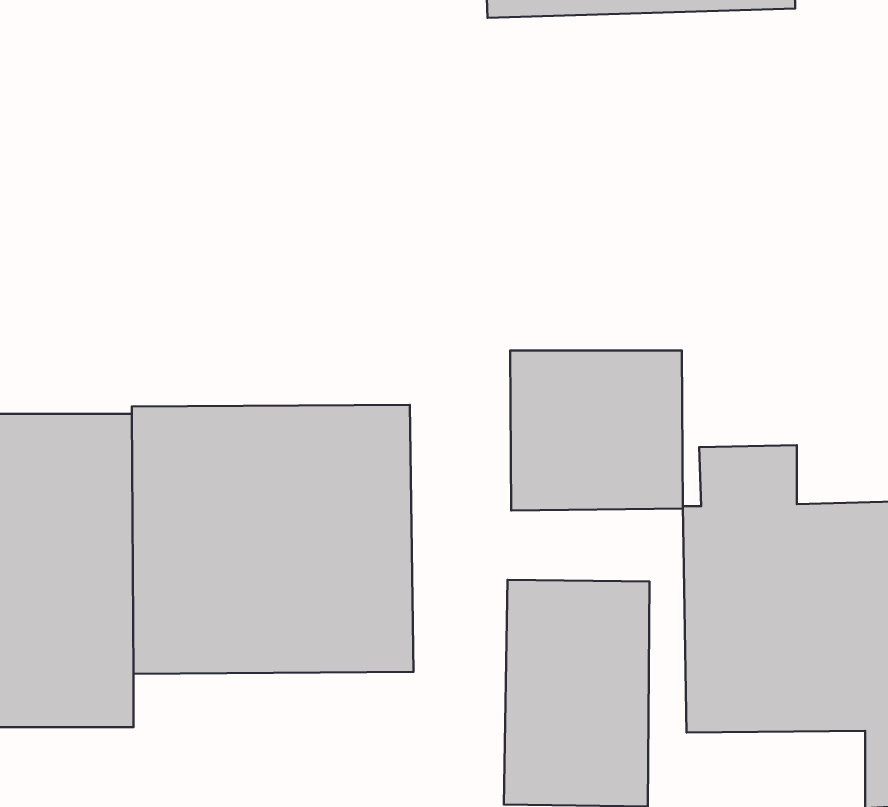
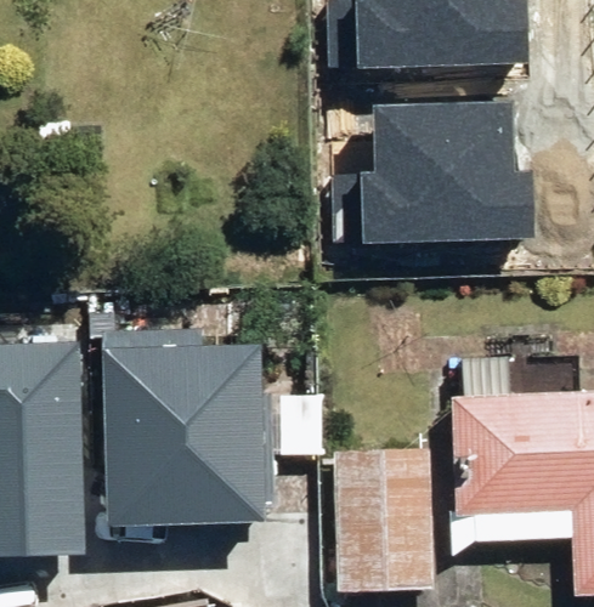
building: none -> [330,104,536,246]
building: [510,350,683,511] -> none

